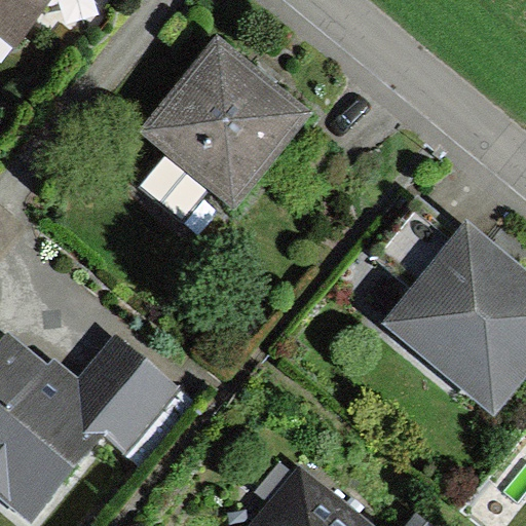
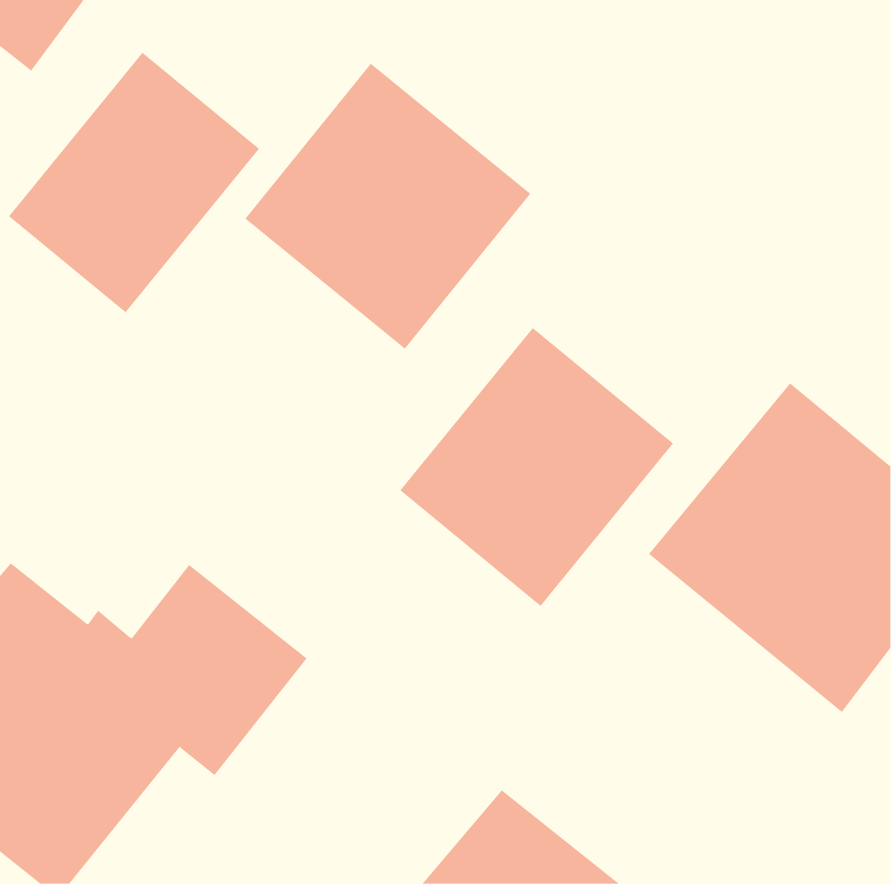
building: none -> [8,52,260,313]
building: none -> [399,327,674,607]

